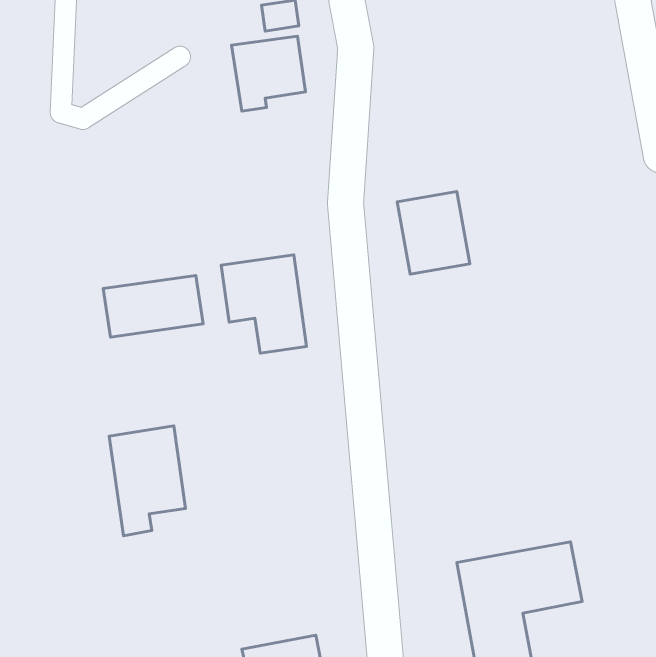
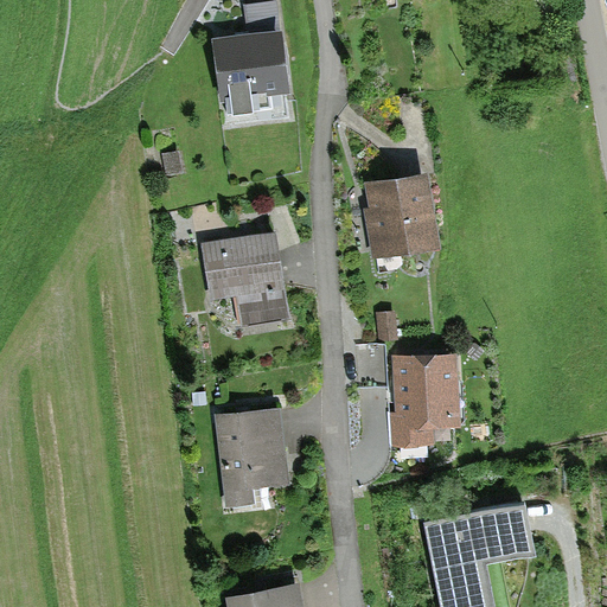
building: [103,275,203,337] -> none
building: none -> [395,356,458,445]
building: [109,426,185,536] -> [215,408,285,509]

